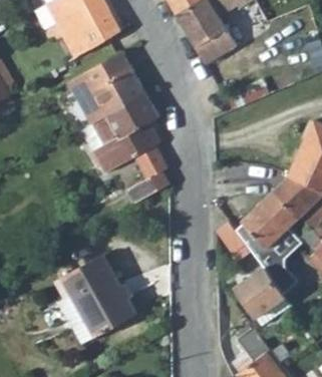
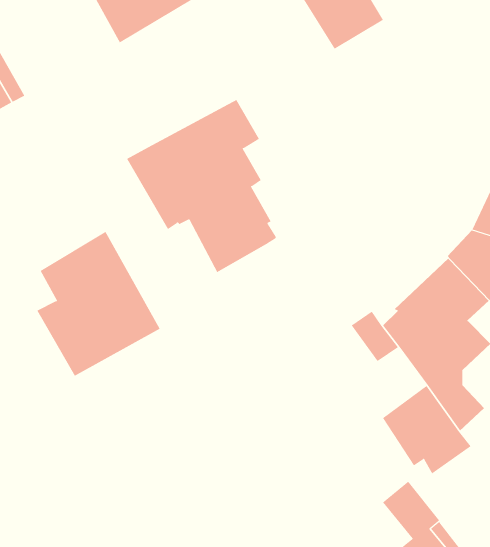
building: [68,51,146,123] -> none
building: [58,251,133,339] -> [36,231,160,377]

